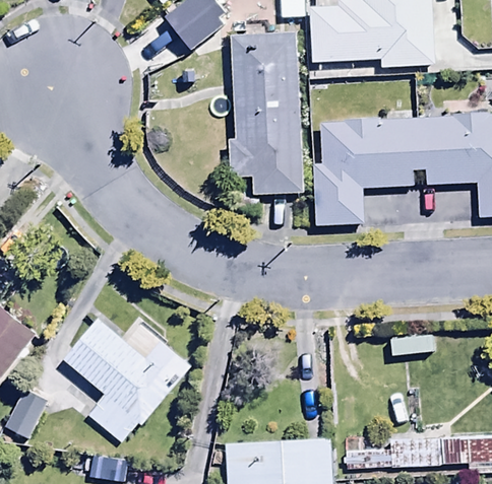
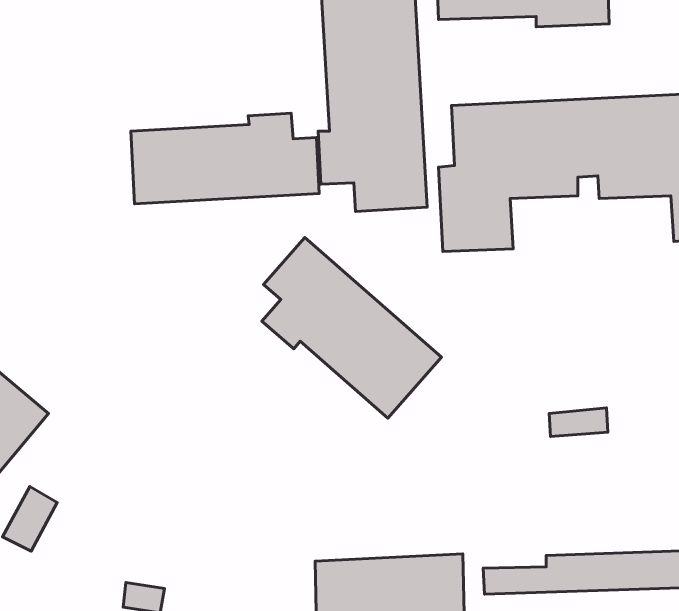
building: none -> [131,113,319,204]
building: none -> [262,237,442,418]
building: [64,318,193,440] -> none

